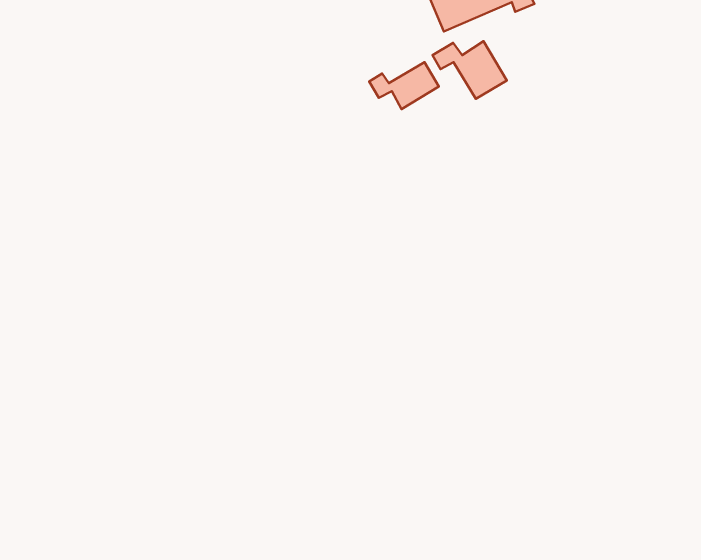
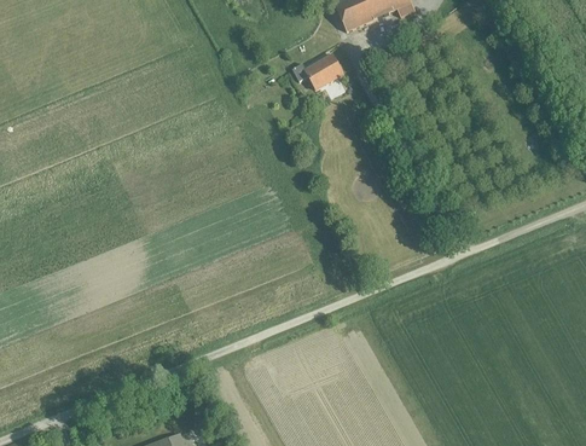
building: [432,41,507,99] -> none

